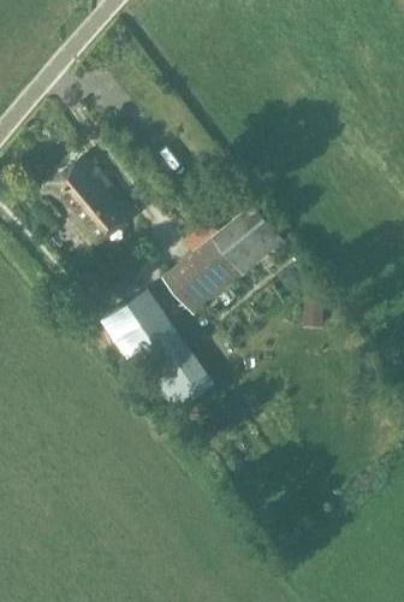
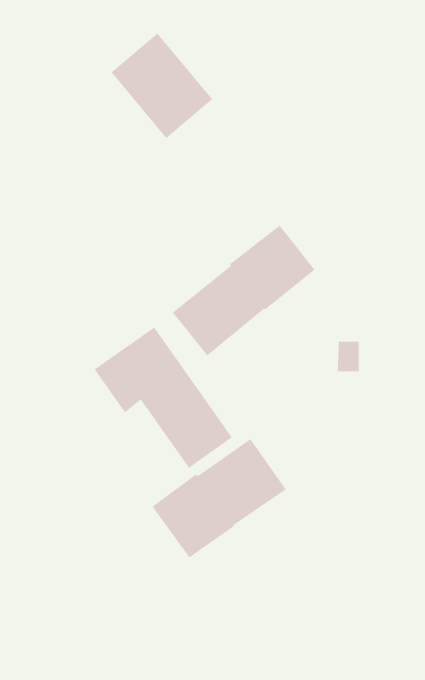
building: [43,155,130,246] -> [111,32,213,139]
building: none -> [152,438,287,559]

